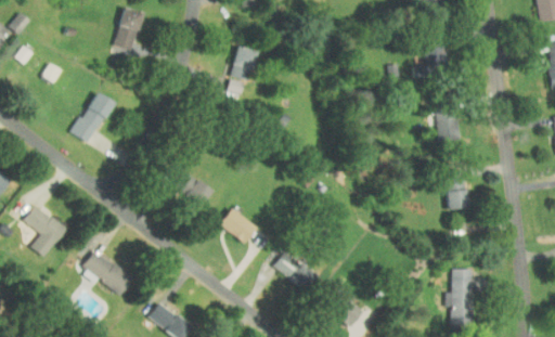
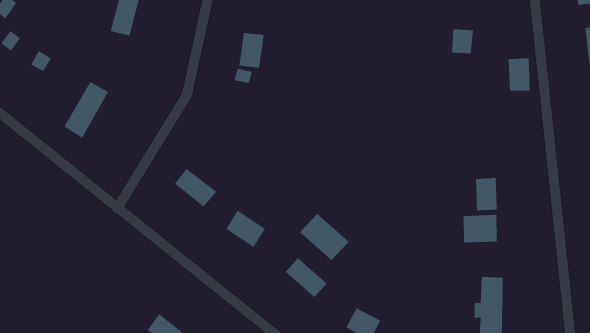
building: [438,111,459,141] -> [508,58,531,91]
building: [24,205,67,257] -> none
building: none -> [299,213,349,261]
building: none -> [463,214,497,243]
building: [83,250,132,296] -> none

